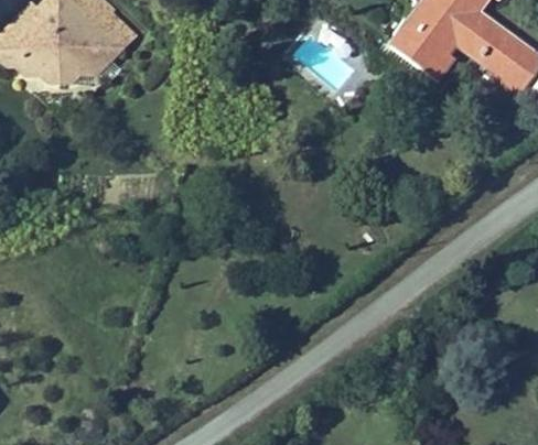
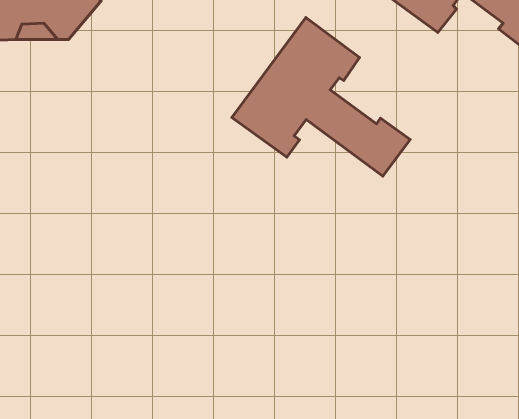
building: none -> [232,17,410,176]

